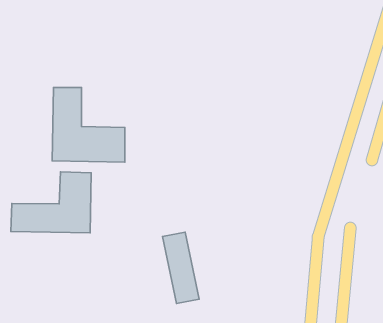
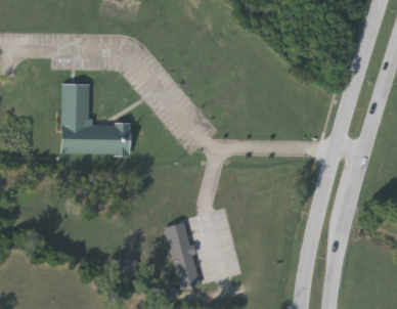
building: [11,172,91,233] -> none

